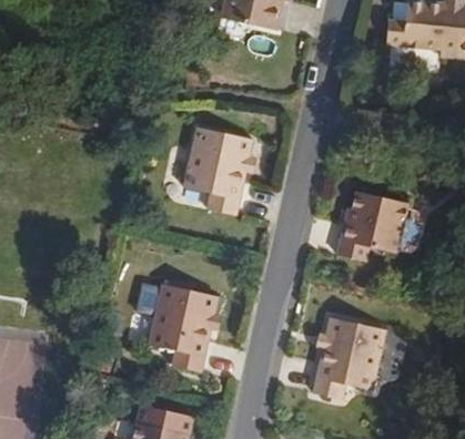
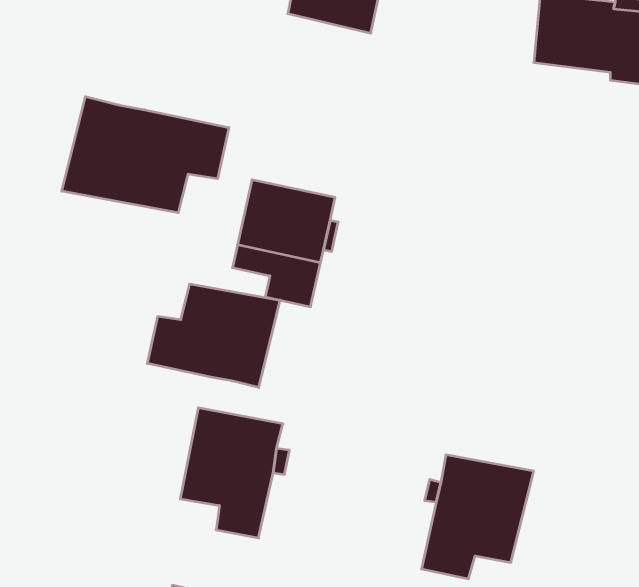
building: none -> [62,97,229,213]
building: [337,188,408,259] -> none
building: none -> [147,284,280,388]

